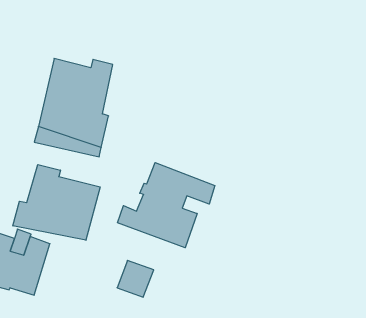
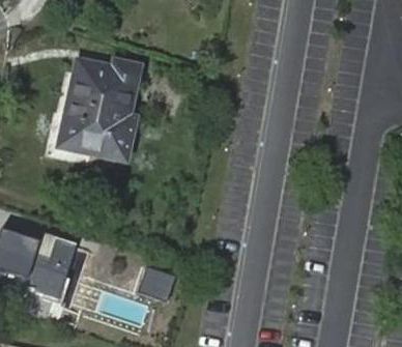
building: [117,163,215,248] -> none
building: [13,165,100,240] -> none

